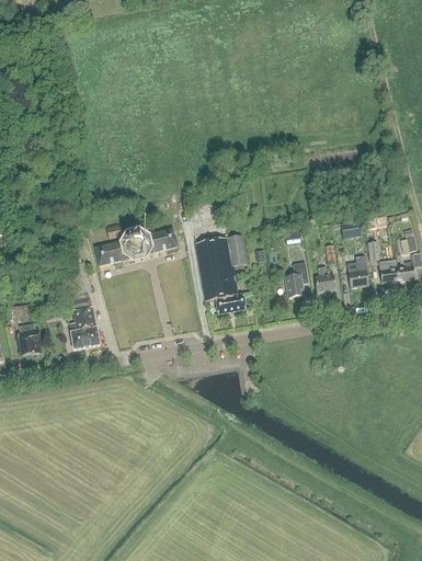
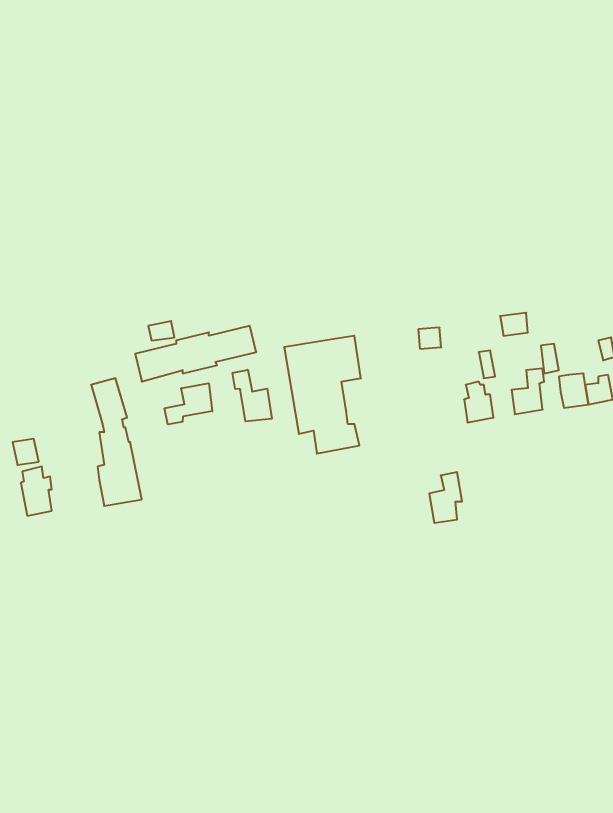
building: none -> [233,370,272,421]
building: [285,263,307,297] -> [429,472,462,523]
building: none -> [165,383,212,424]

